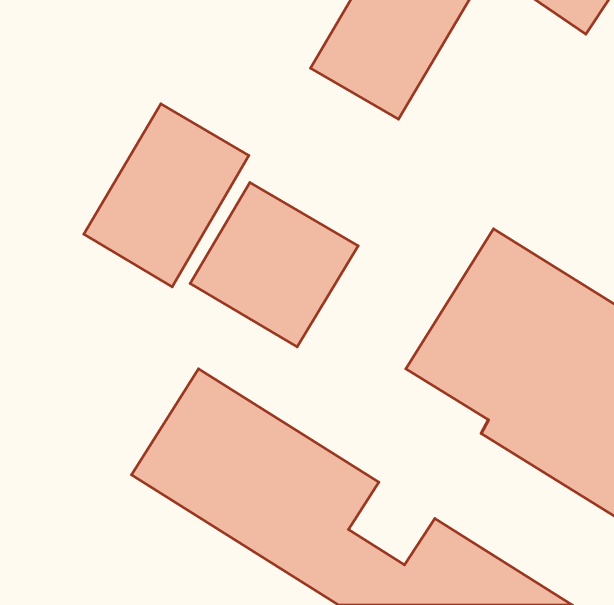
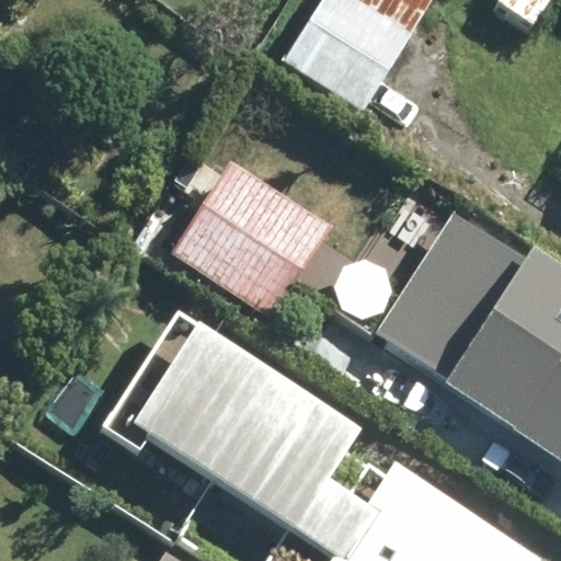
building: [84,104,249,287] -> none

